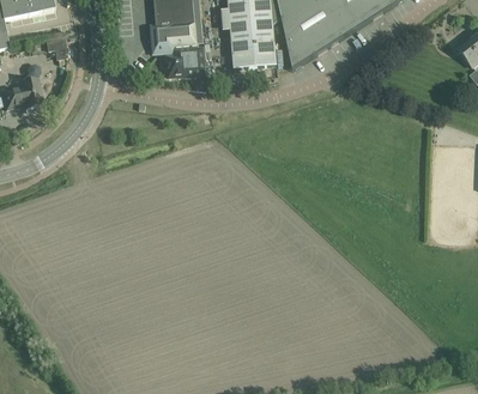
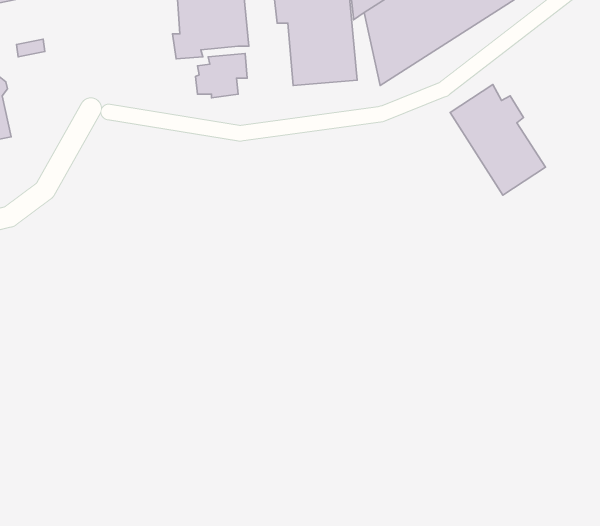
building: none -> [450,85,546,195]

